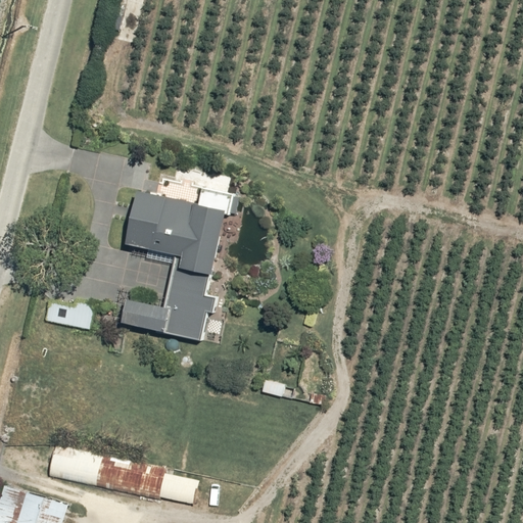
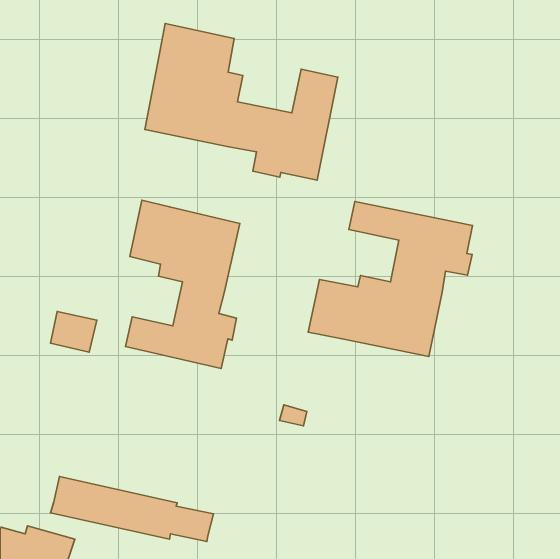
building: none -> [145,24,338,180]
building: none -> [308,201,473,356]

